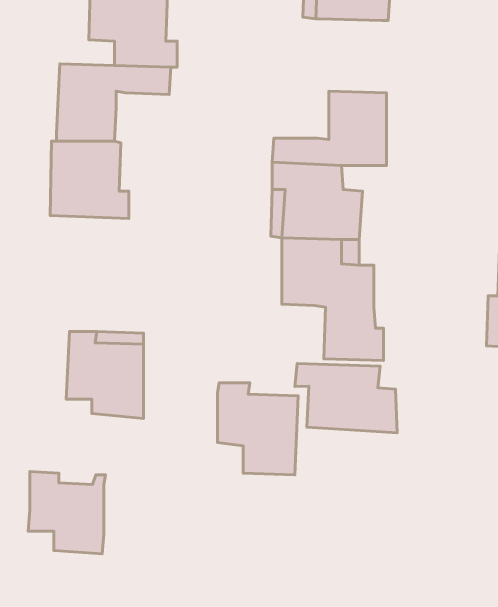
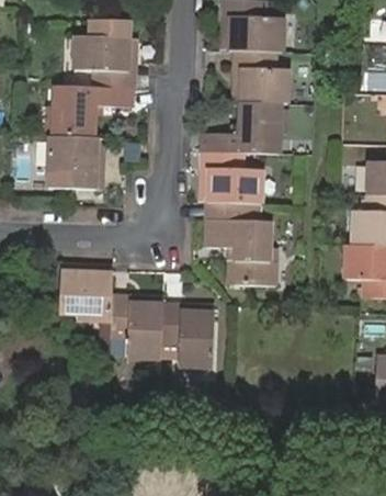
building: none -> [231,53,285,104]
building: [295,363,397,433] -> none
building: [28,472,105,554] -> [111,298,163,354]

